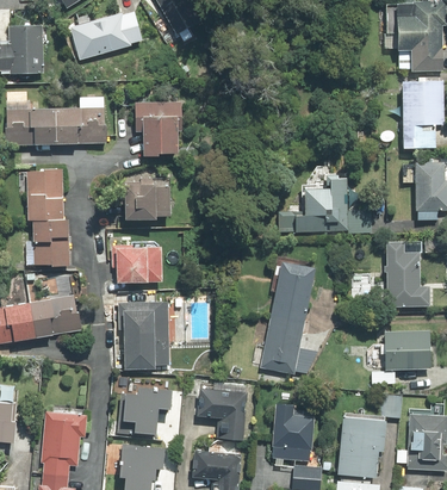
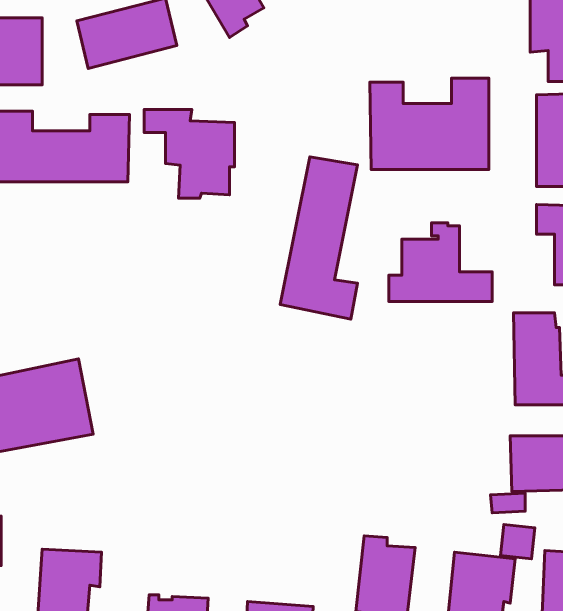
building: none -> [370,78,489,169]
building: [25,168,70,266] -> none
building: [125,176,170,219] -> none
building: [111,247,162,283] -> none
building: [260,260,316,378] -> [280,157,357,319]
building: [117,296,169,370] -> none
building: [124,387,174,433] -> none
building: [194,389,248,441] -> none

